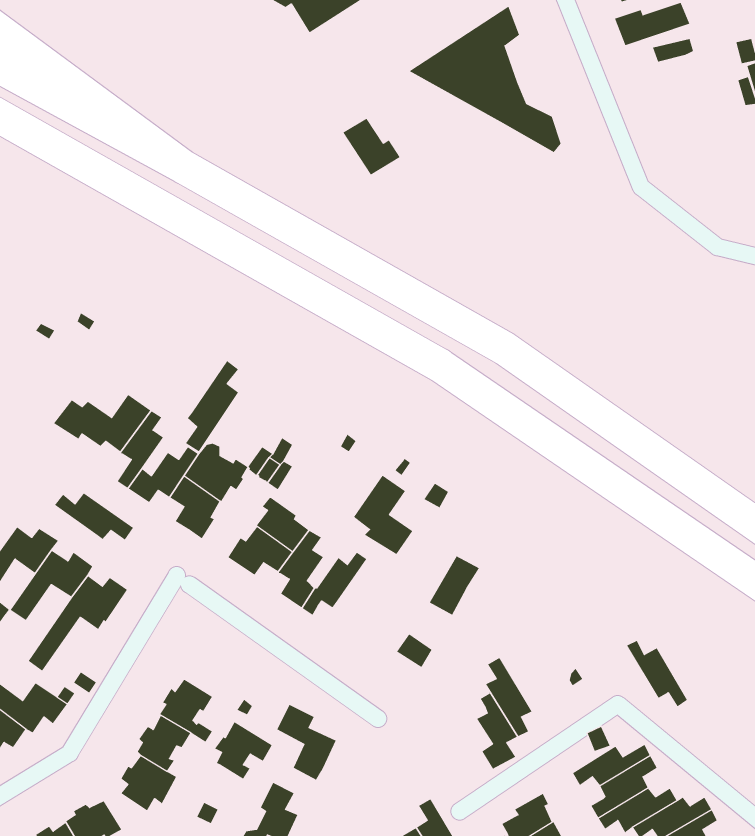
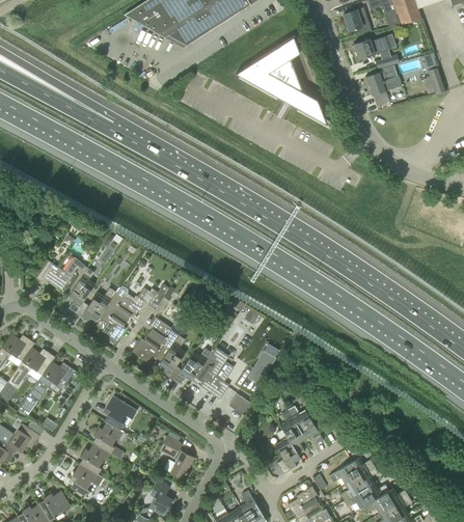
building: none -> [364,71,401,95]
building: [342,118,401,175] -> none
building: [185,360,239,452] -> none
building: [353,475,413,555] -> [194,353,228,399]
building: [54,493,134,541] -> none
building: [626,640,688,707] -> [286,406,322,444]
building: [214,721,272,779] -> [103,396,136,430]

